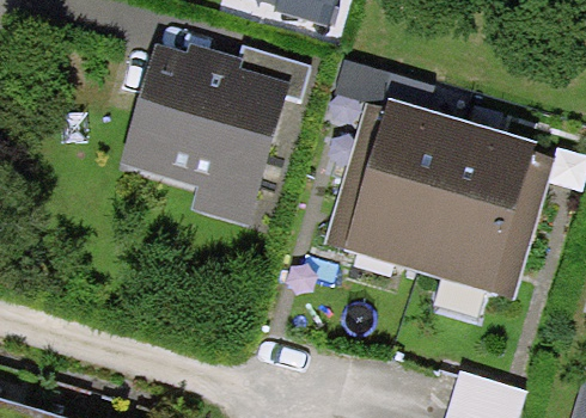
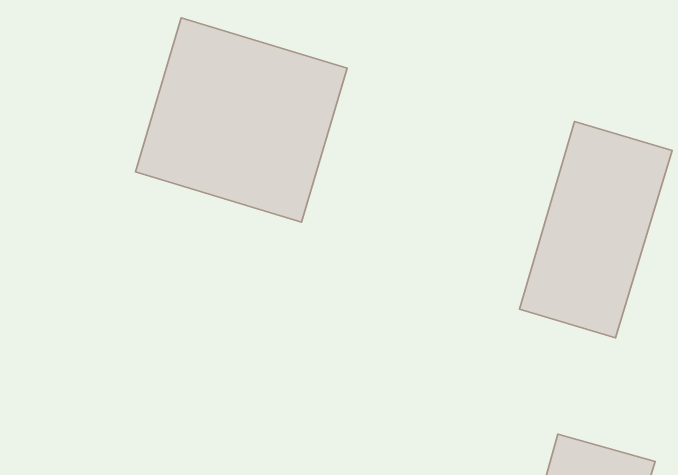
building: [348,102,468,270] -> none

